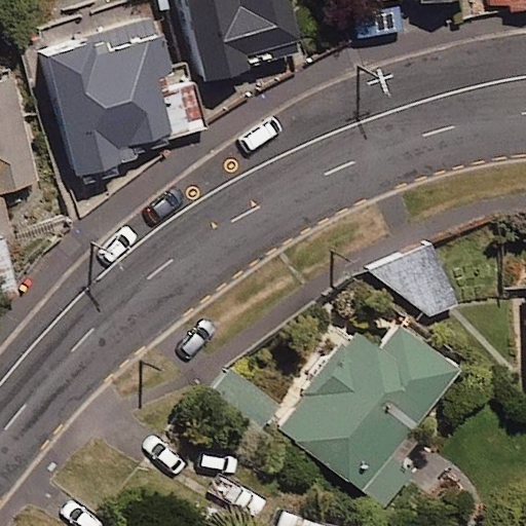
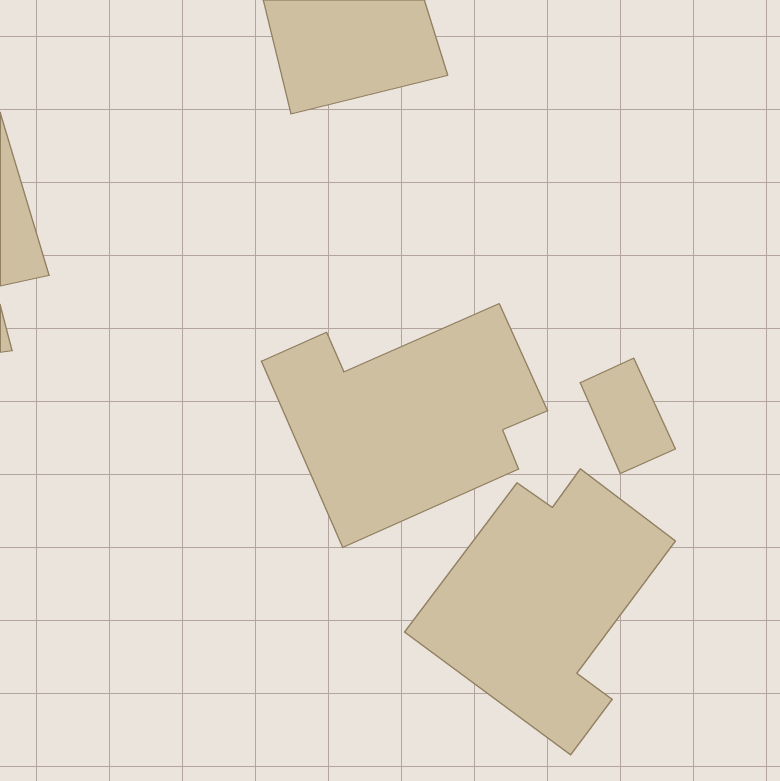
building: [44,26,186,177] -> none
building: none -> [261,304,548,548]

